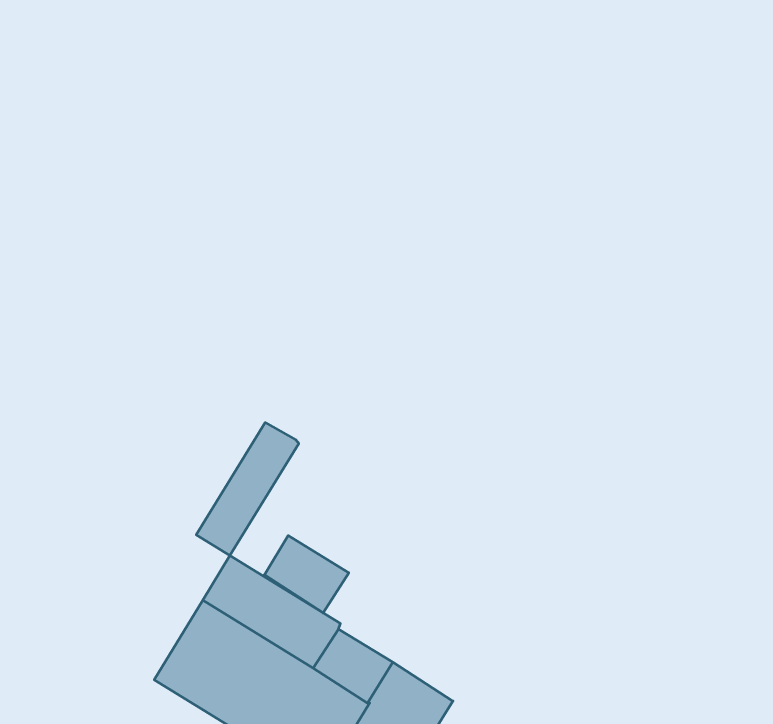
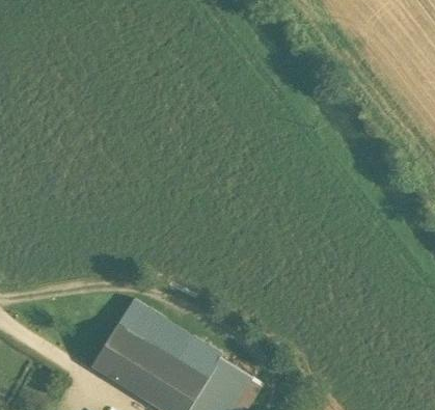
building: [196,423,299,556] -> none
building: [264,536,349,613] -> none

